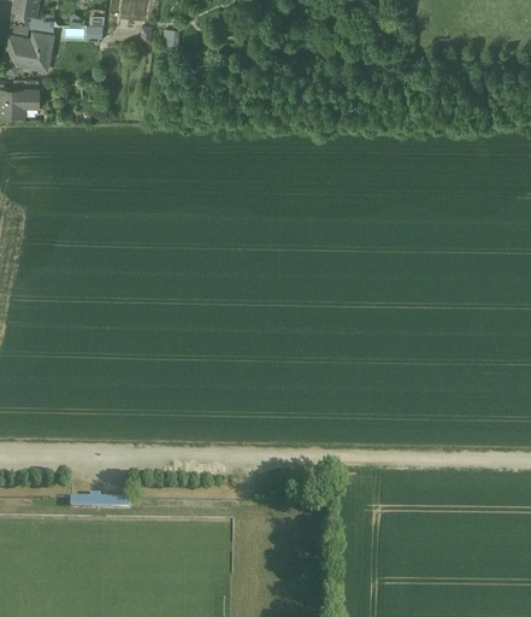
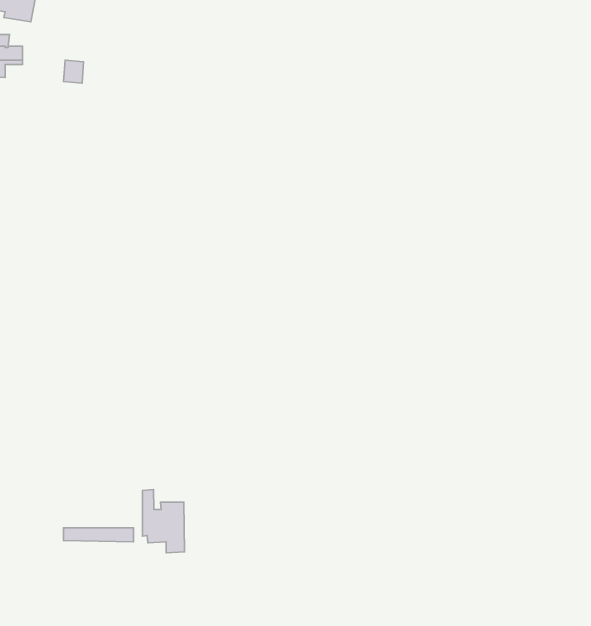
building: none -> [142,489,184,553]

